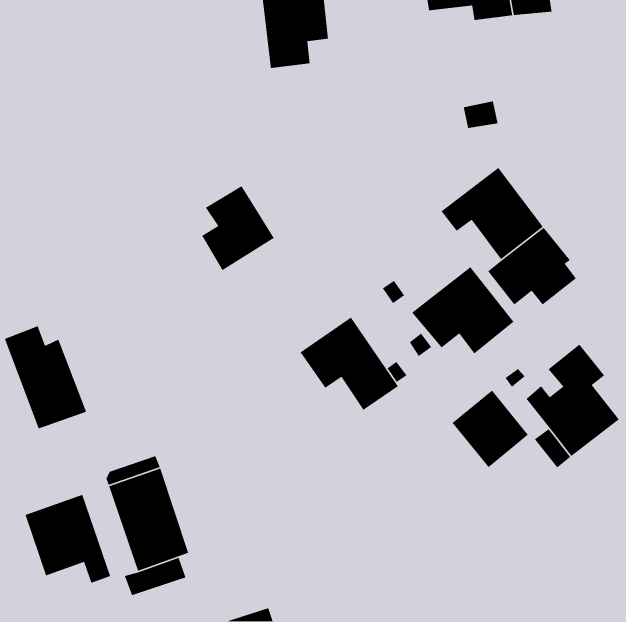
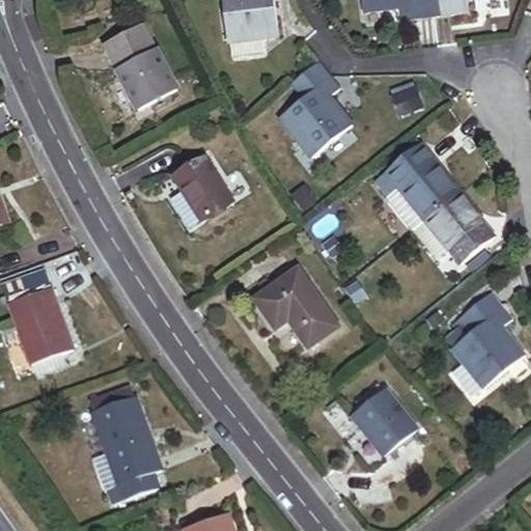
building: none -> [106,26,175,108]
building: none -> [280,58,351,155]
building: [411,266,514,355] -> none
building: [452,390,529,468] -> [352,389,417,455]
building: [24,494,111,584] -> none

